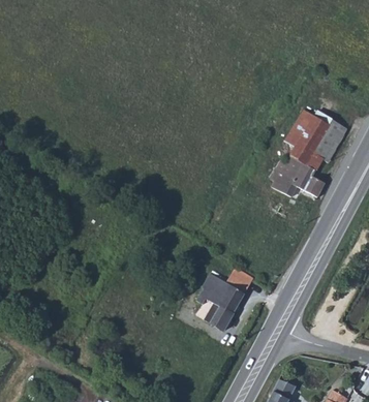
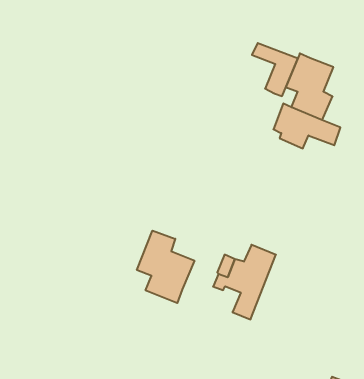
building: [306,109,344,156] -> [252,43,298,96]
building: none -> [137,231,194,303]

